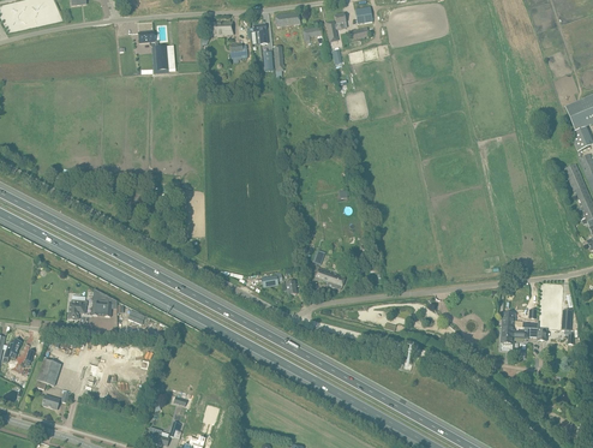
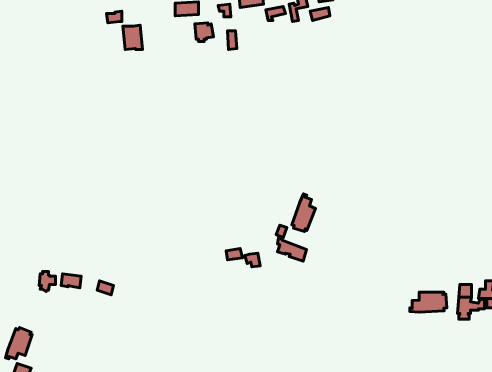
building: none -> [292,194,316,232]
building: none -> [410,292,447,312]

